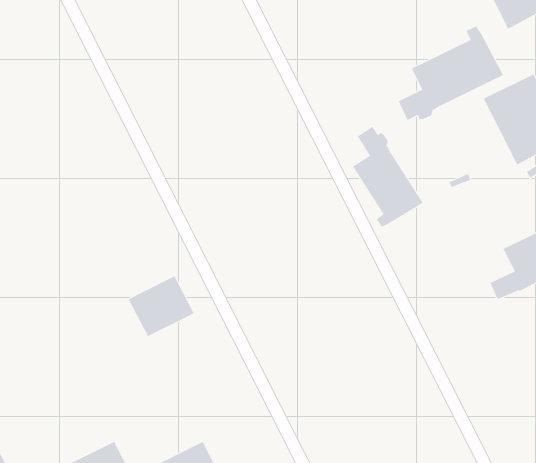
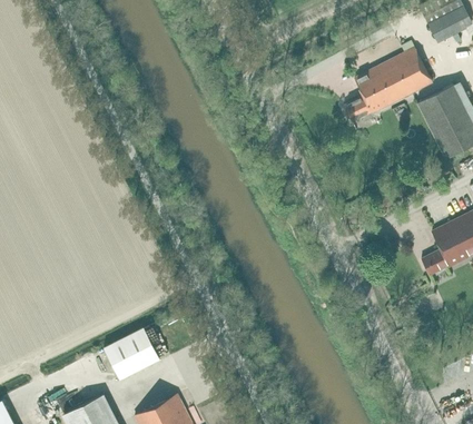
building: [352,126,424,227] -> none
building: [128,276,194,337] -> [104,328,160,381]

